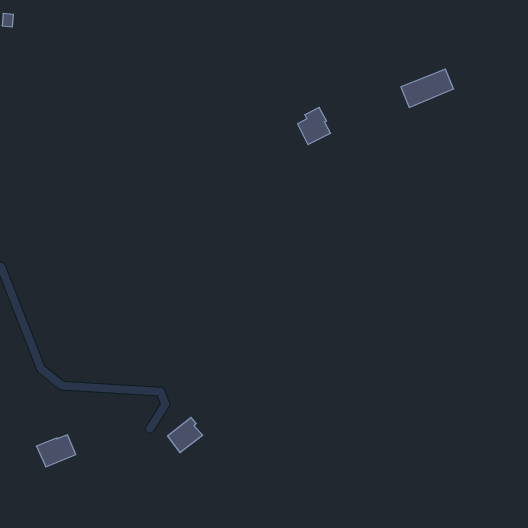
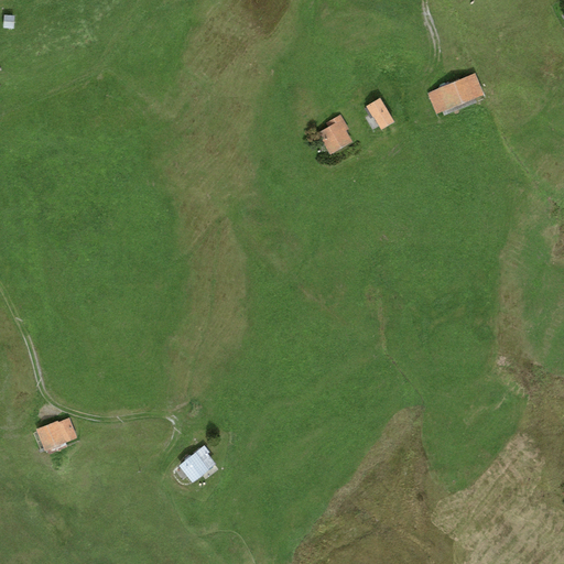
building: none -> [366,98,394,131]
building: [36,435,76,467] -> [35,417,77,452]

